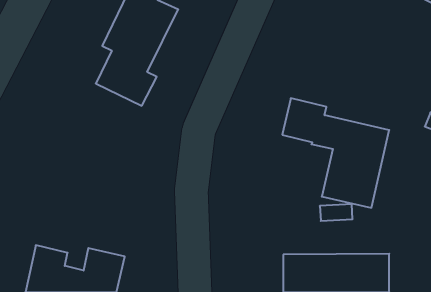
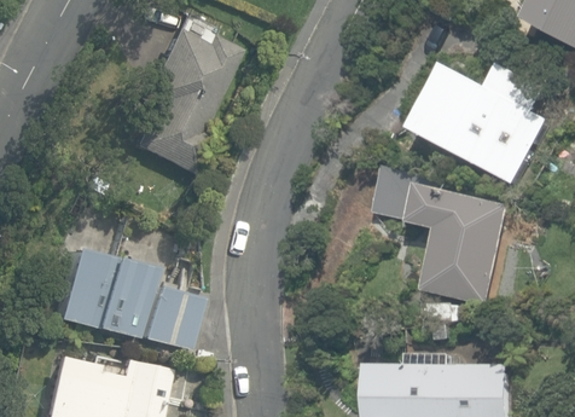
building: none -> [414,64,551,185]
building: none -> [56,248,203,351]

